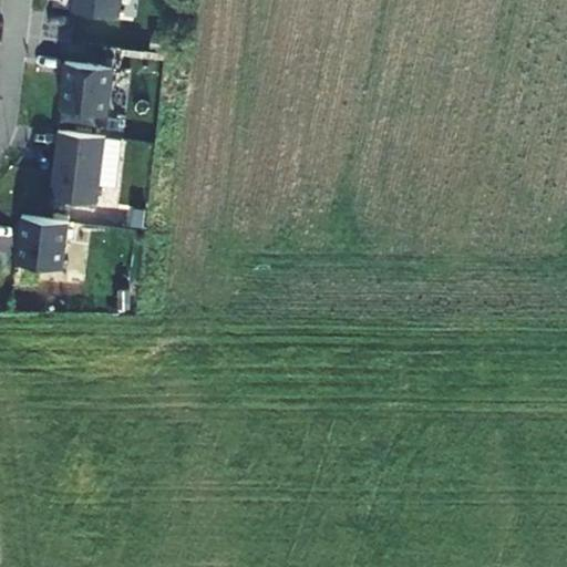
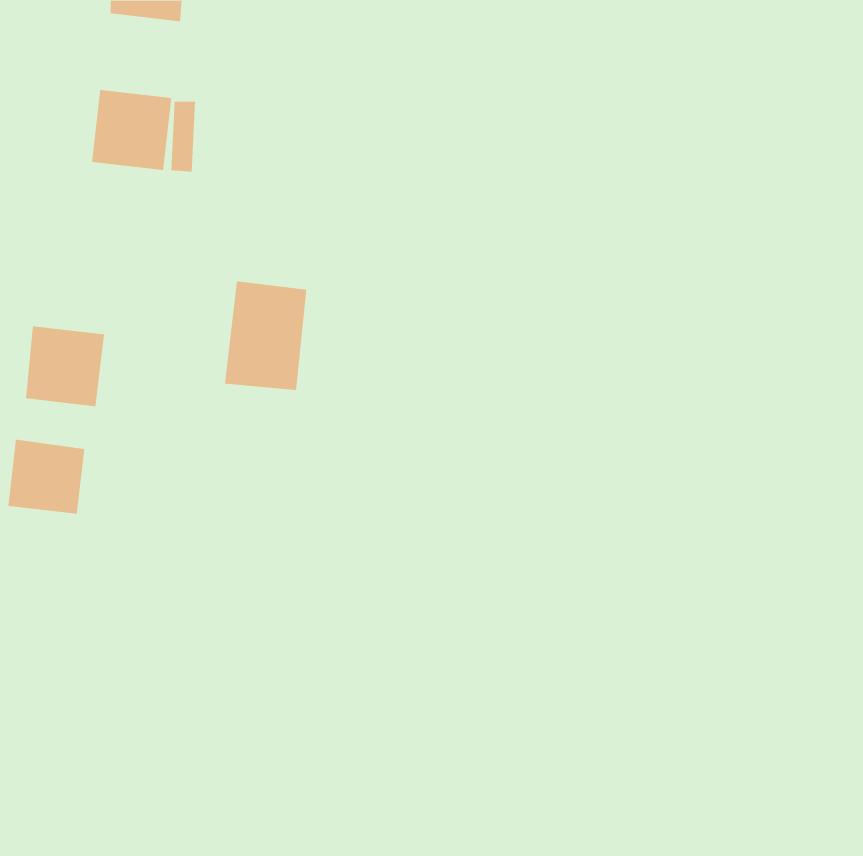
building: [51,133,105,205] -> [224,281,307,391]
building: none -> [8,439,85,515]

